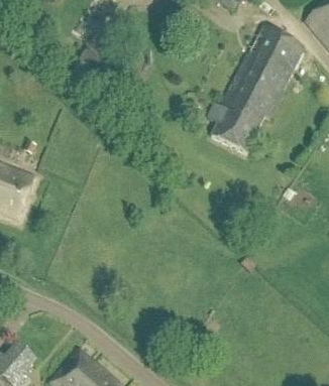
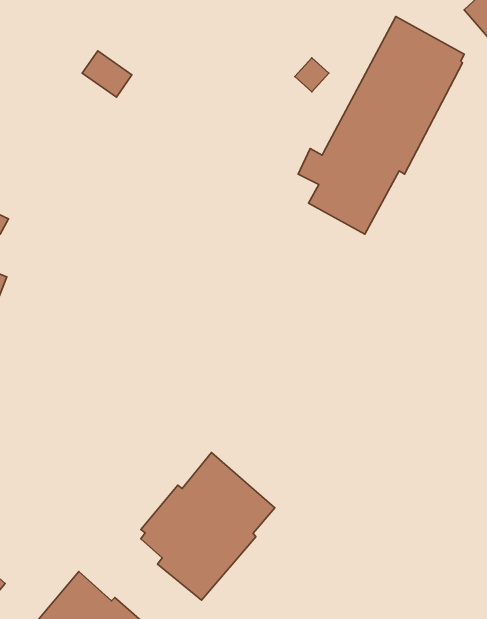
building: none -> [141,453,275,600]

